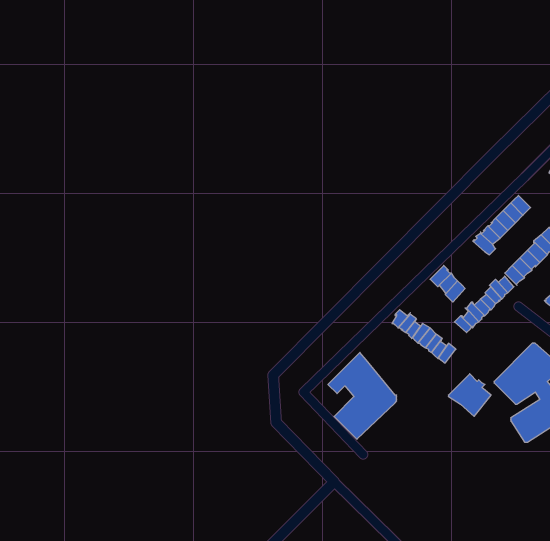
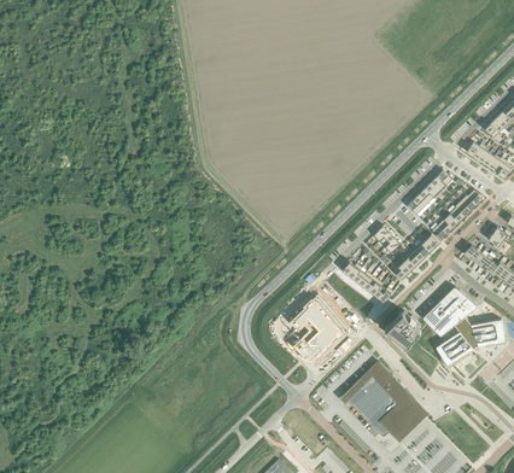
building: none -> [347,361,416,436]

